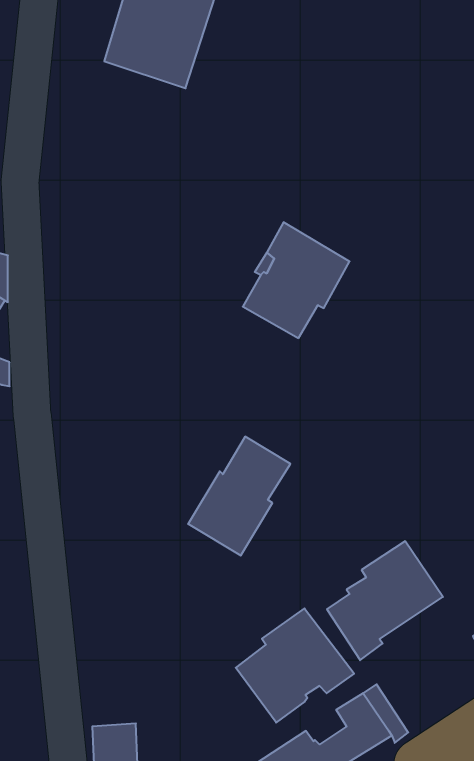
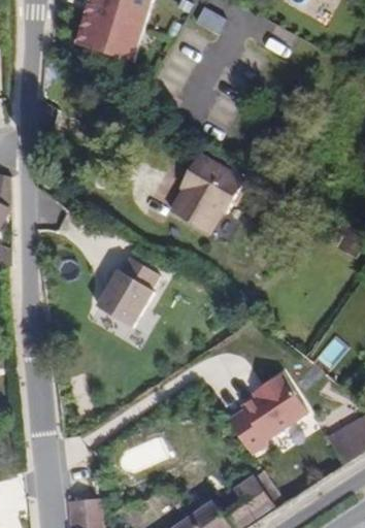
building: [188,437,290,556] -> [97,245,167,327]
building: [236,608,354,723] -> none

